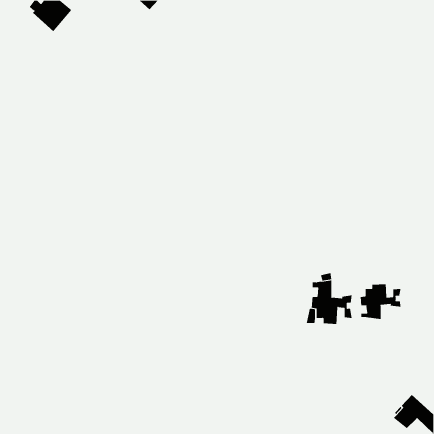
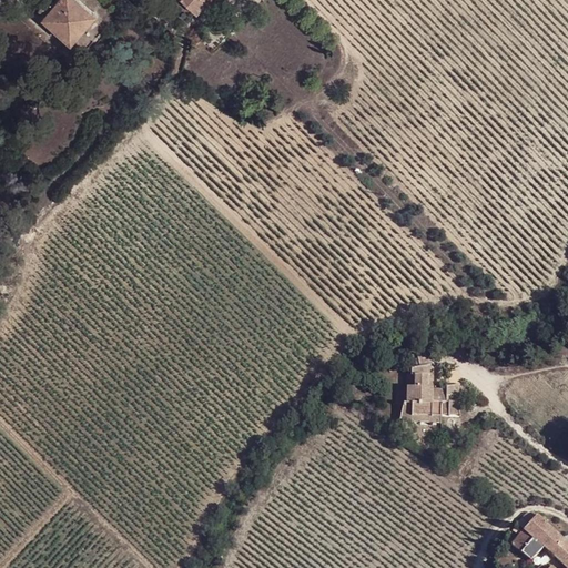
building: [360,283,401,320] -> none

